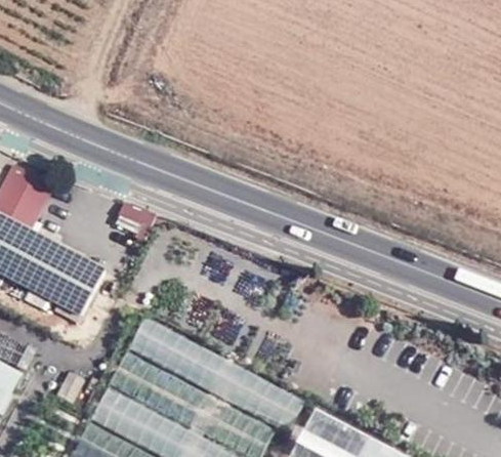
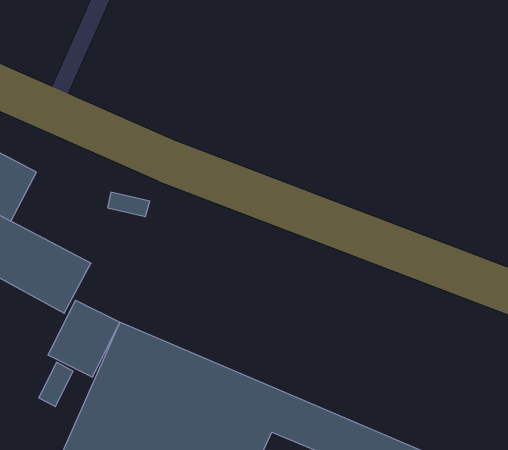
building: none -> [48,300,120,377]

